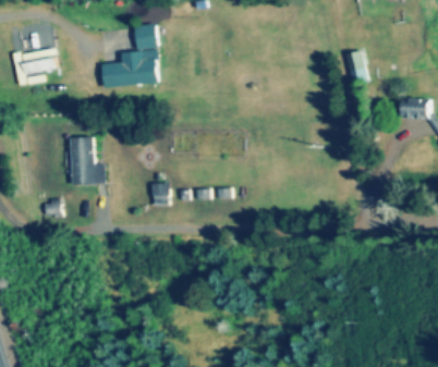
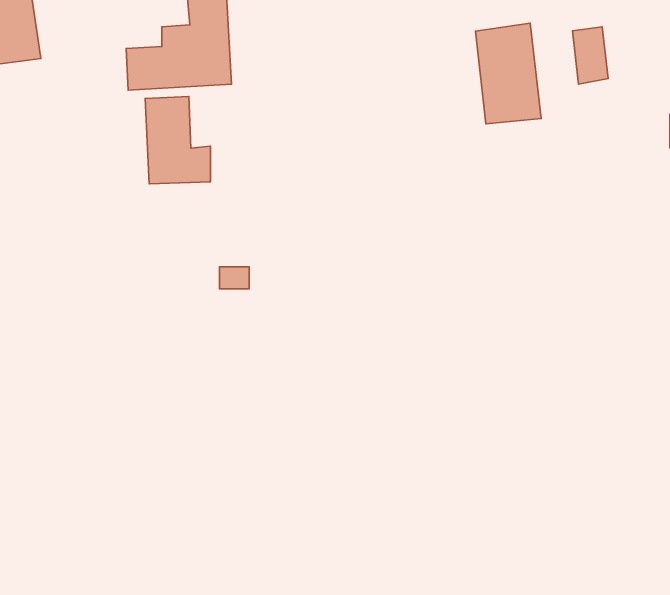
building: none -> [475,23,541,124]
building: [69,136,105,184] -> [145,96,211,184]

